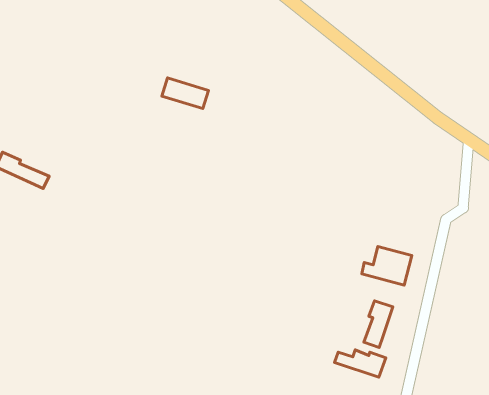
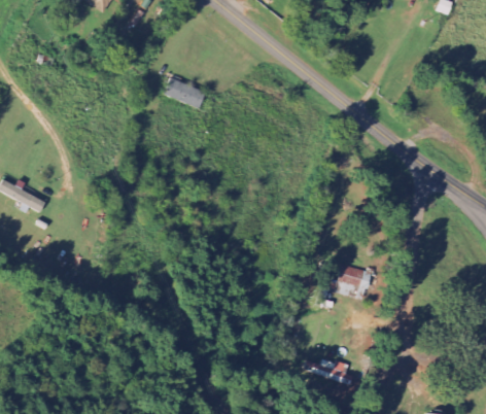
building: [162,78,208,109] -> [164,78,206,106]
building: [364,301,393,347] -> none

